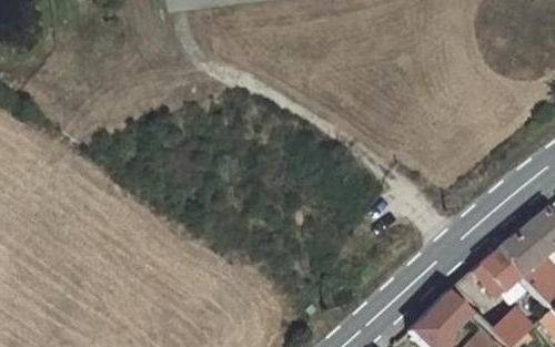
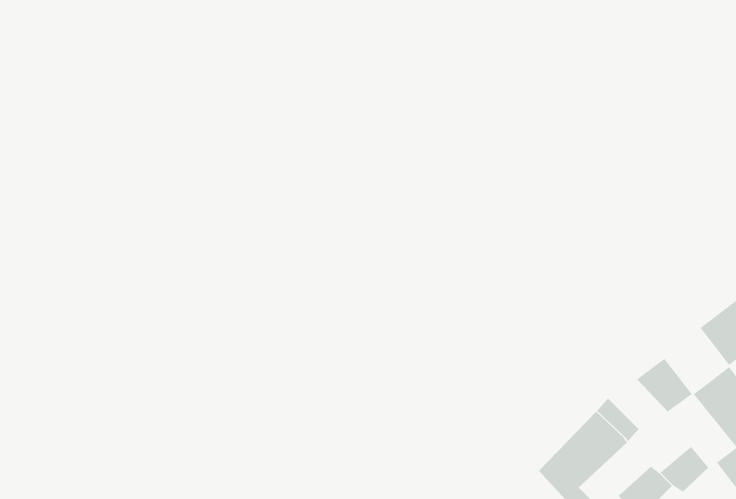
building: [500,232,543,276] -> none

